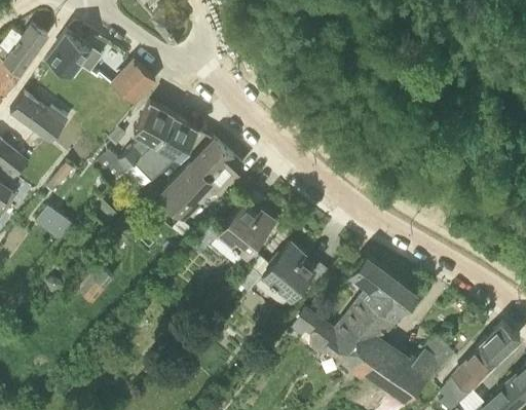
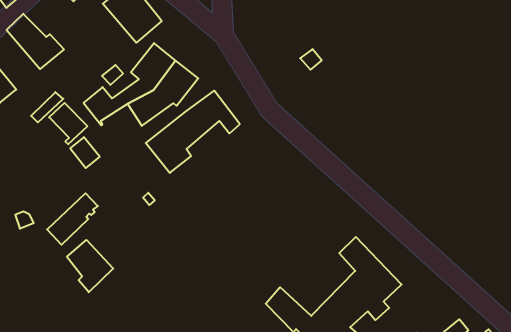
building: [219,202,275,256] -> none
building: [35,206,72,244] -> [49,103,87,144]
building: [263,240,315,305] -> none
building: none -> [67,240,113,292]

